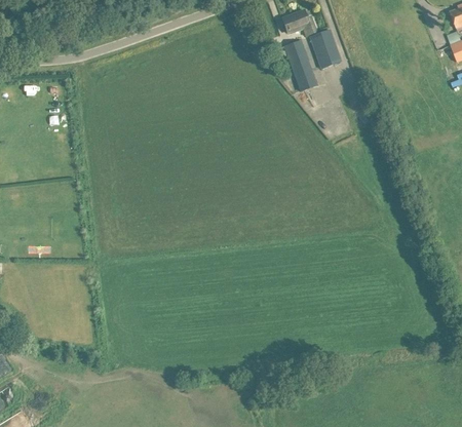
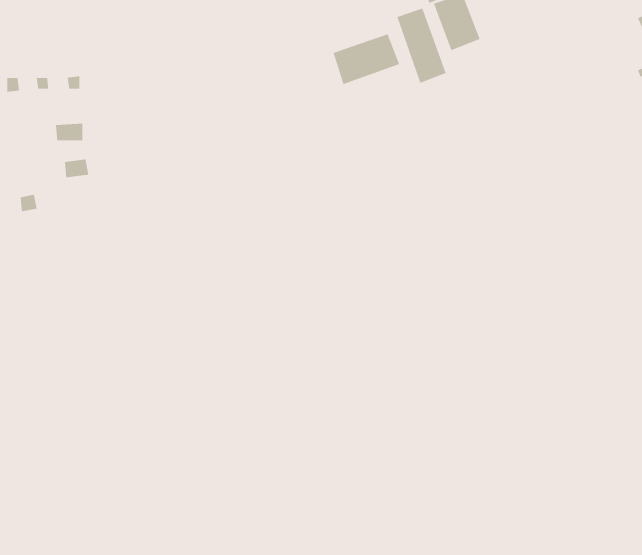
building: none -> [333,33,400,85]

